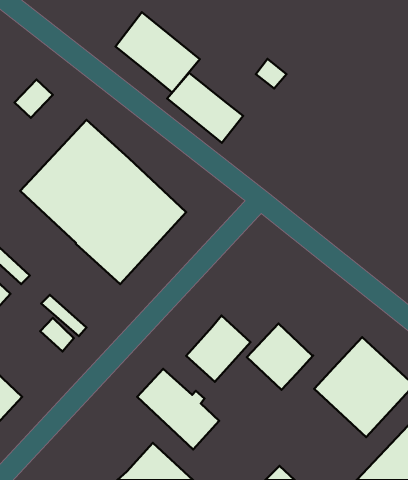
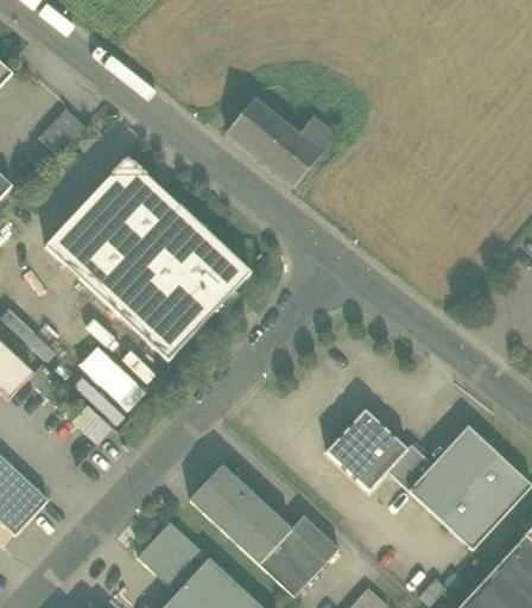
building: [115,12,200,93] -> none
building: [256,59,287,88] -> [297,116,335,153]
building: none -> [76,344,145,408]
building: [186,315,250,382] -> [258,515,337,597]
building: none -> [386,444,431,490]
building: none -> [137,521,208,593]

